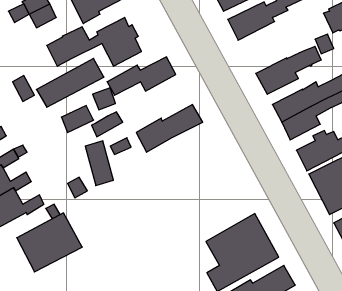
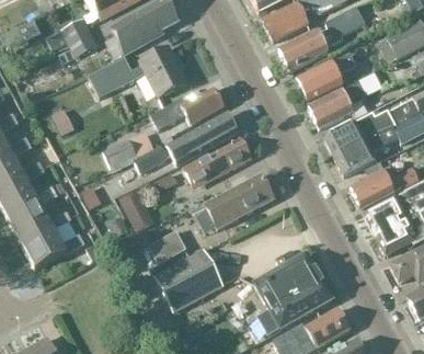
building: none -> [297,52,357,101]
building: [36,58,104,107] -> [167,113,238,164]
building: none -> [194,173,274,233]
building: none -> [149,230,186,263]
building: [17,213,82,272] -> [154,249,224,311]

